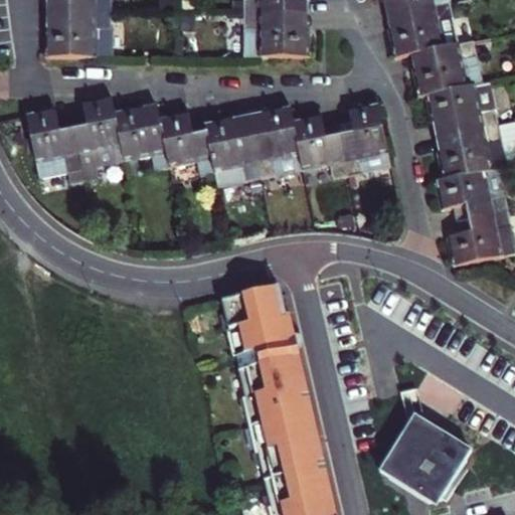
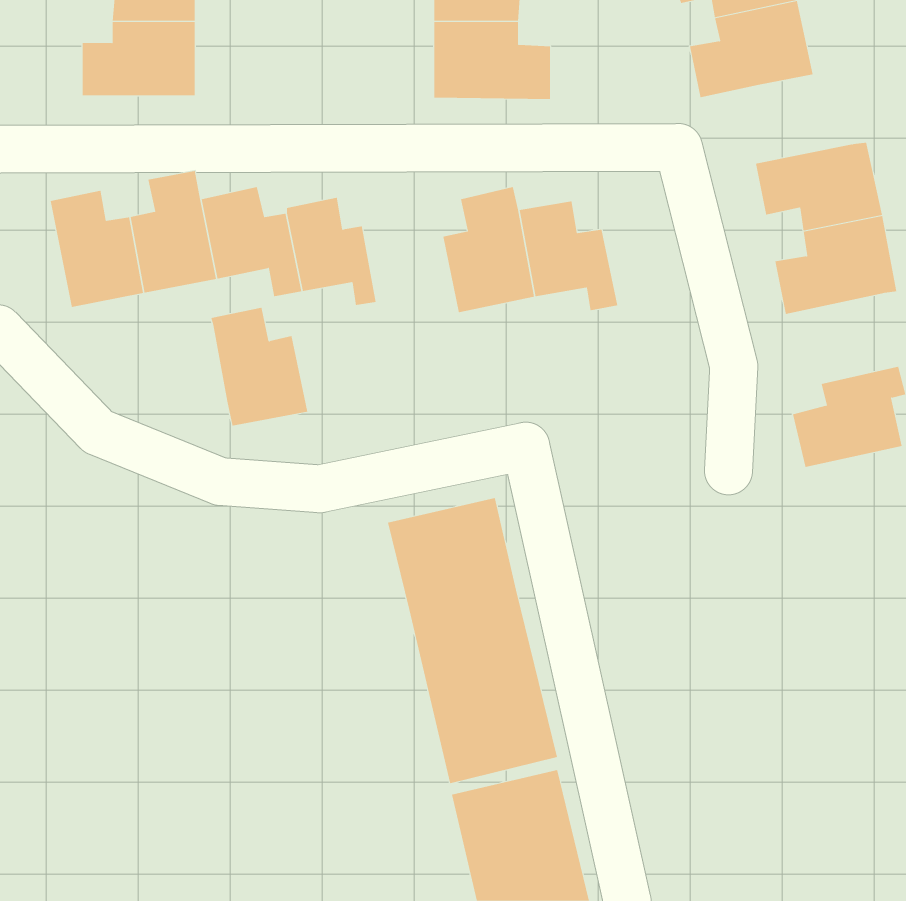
building: [414,39,483,95] -> none
building: [341,104,391,173] -> none
building: [204,118,260,185] -> [211,307,308,426]
building: [438,166,509,217] -> none
building: [389,418,465,499] -> none

